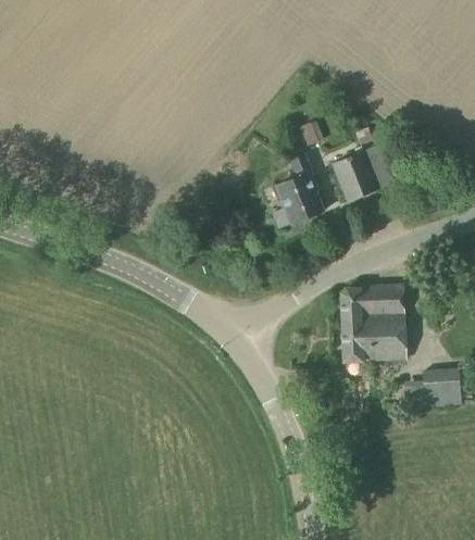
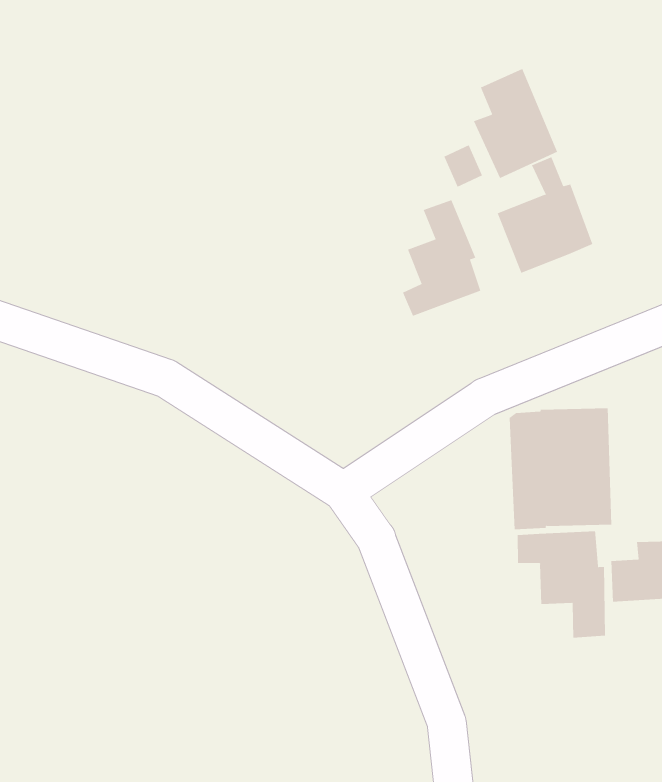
building: none -> [473,68,558,179]
building: none -> [517,531,606,638]

